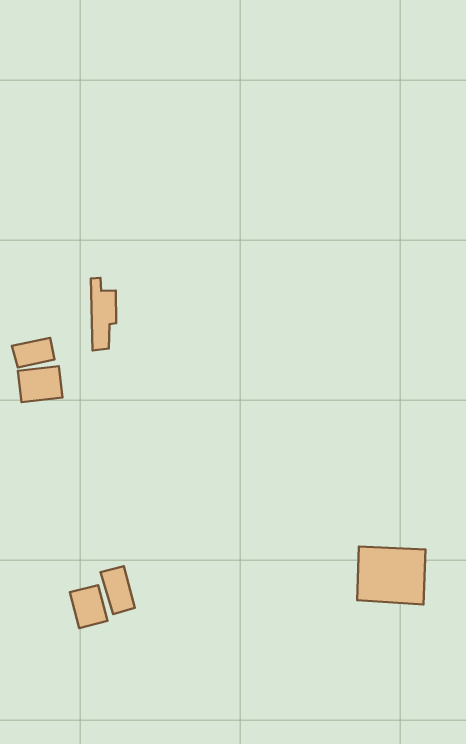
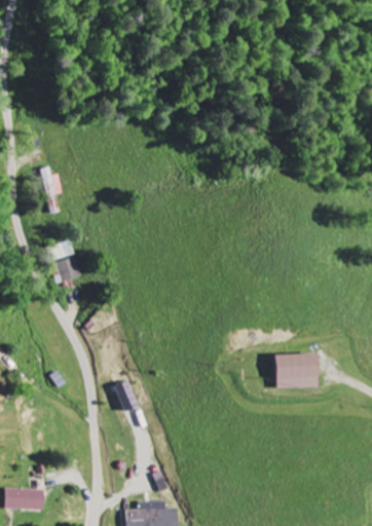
building: [91,278,116,350] -> [42,166,61,213]
building: [70,585,107,628] -> none

